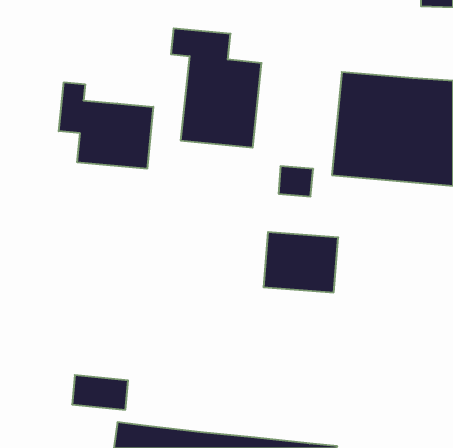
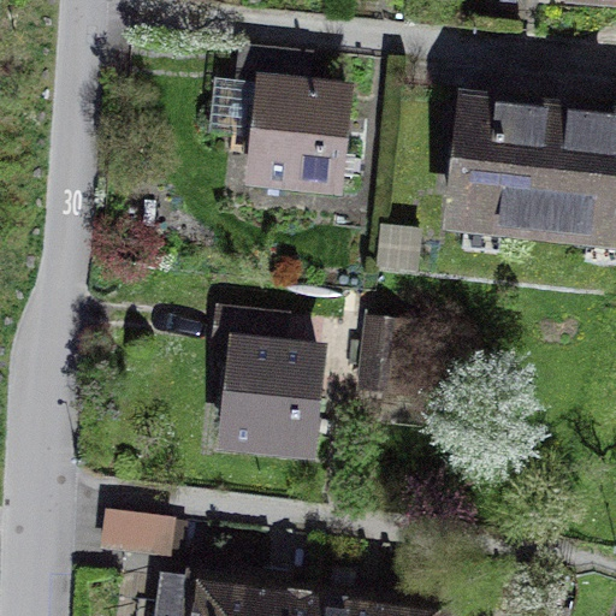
building: [59,82,153,169] -> none
building: none -> [211,302,327,462]

